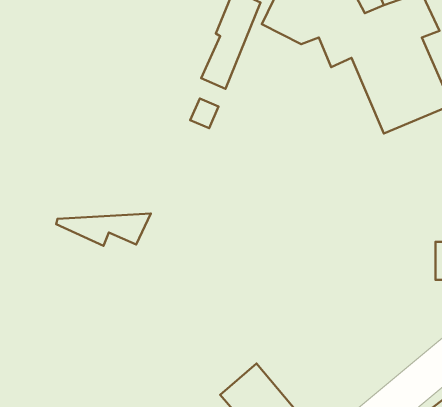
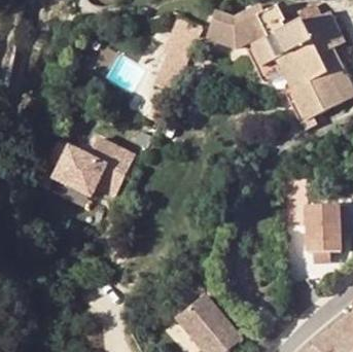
building: none -> [50,142,134,184]
building: none -> [303,204,338,251]

